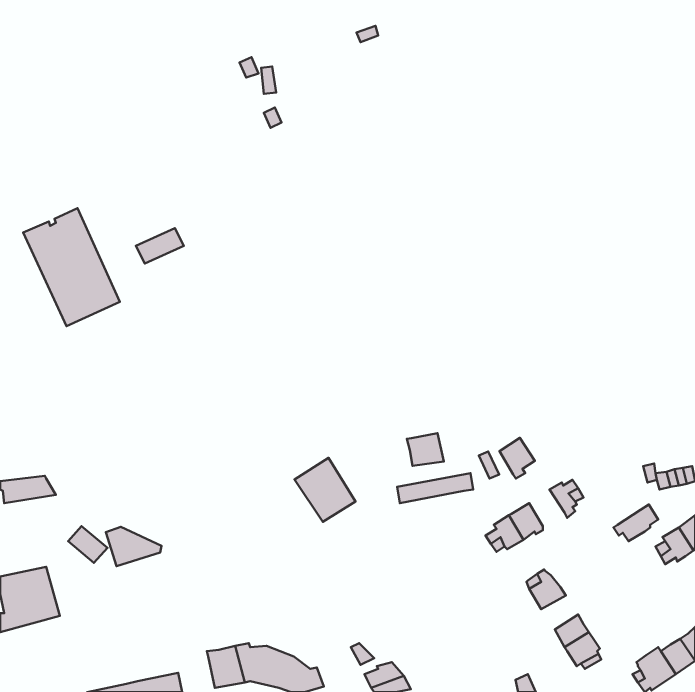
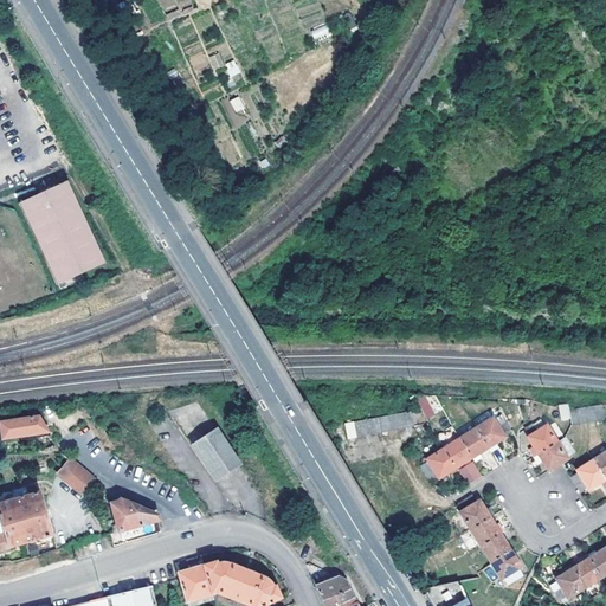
building: [136,228,184,263] -> none
building: [407,433,444,466] -> none
building: [499,438,535,478] -> [460,426,491,462]
building: [294,458,356,522] -> [189,424,243,479]
building: none -> [524,419,557,457]
building: [106,527,162,566] -> [109,496,157,530]
building: none -> [471,518,507,548]

